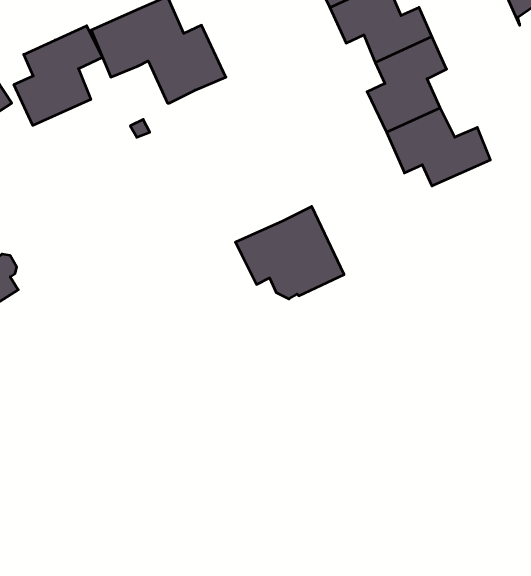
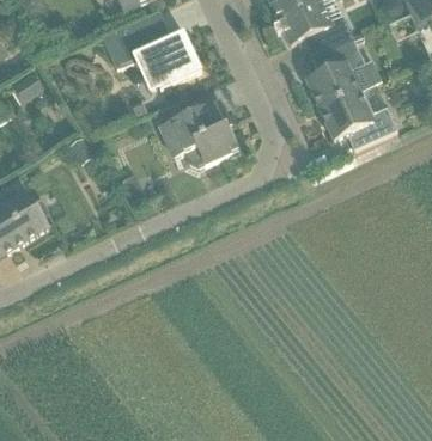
building: [14,26,103,125] -> none
building: [235,206,344,299] -> [158,100,238,169]

